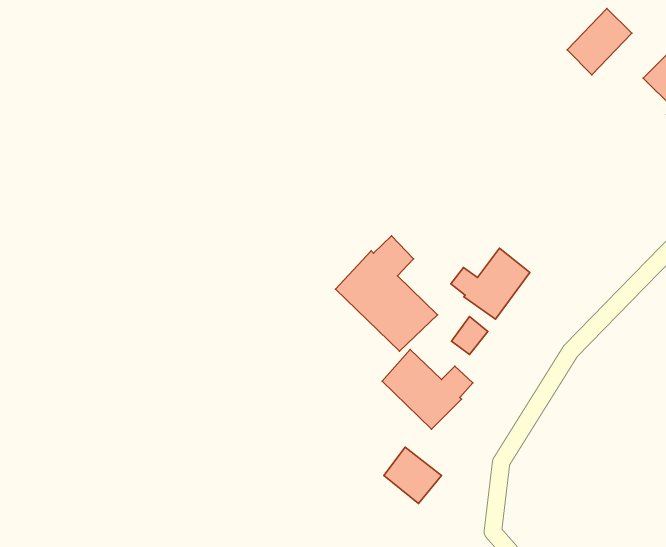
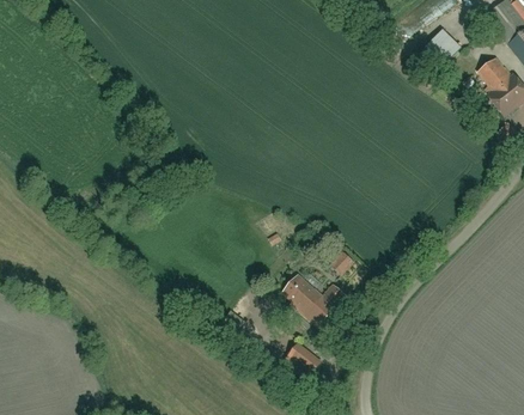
building: [335,236,437,351] -> none
building: [451,248,530,319] -> none

